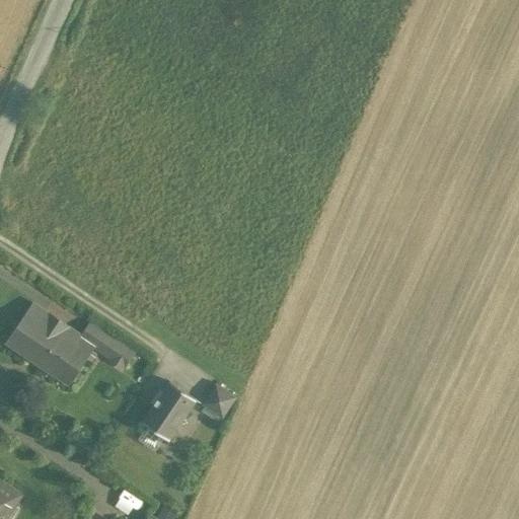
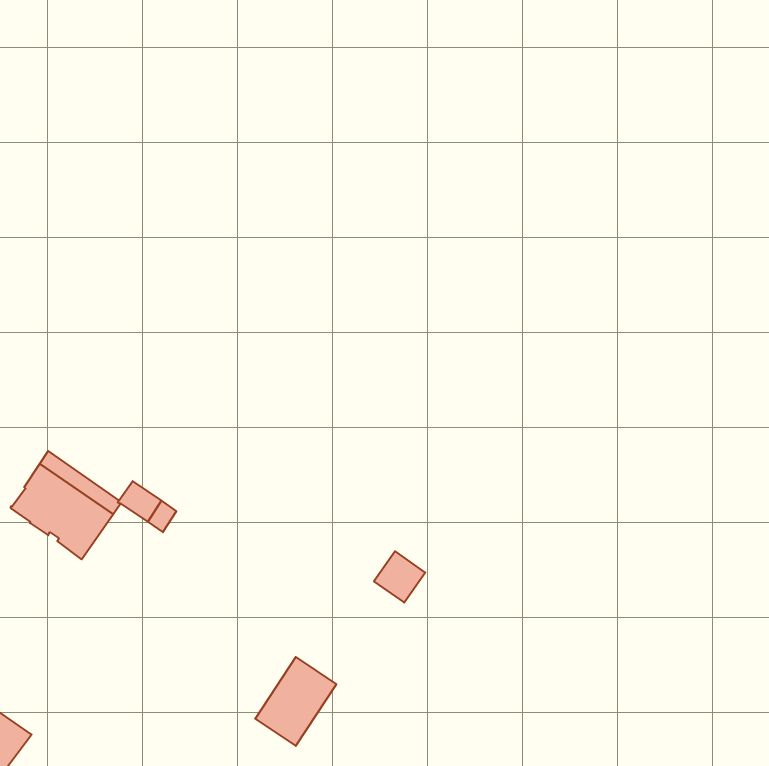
building: [141,384,196,444] -> [255,657,336,746]
building: [201,386,235,421] -> [374,551,425,603]

